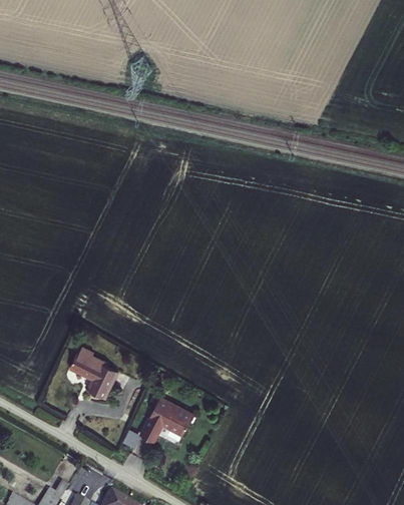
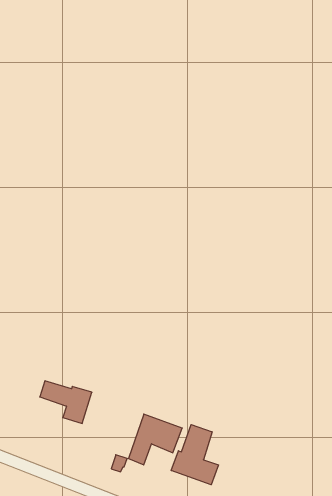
building: none -> [171,425,218,485]

